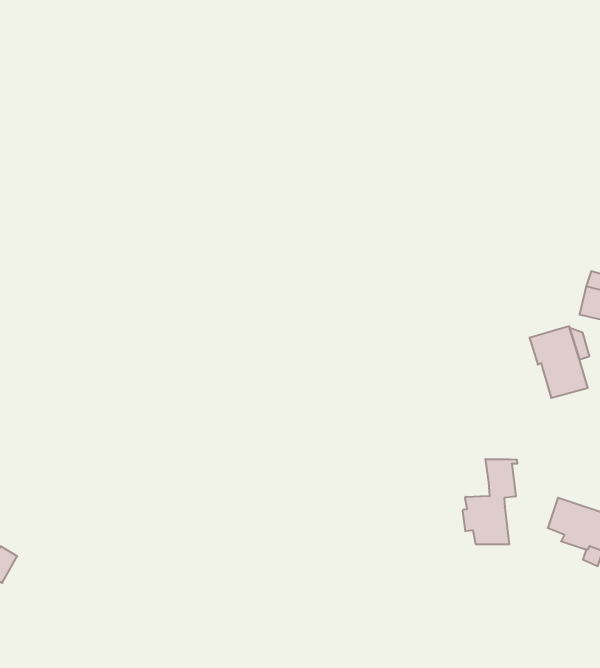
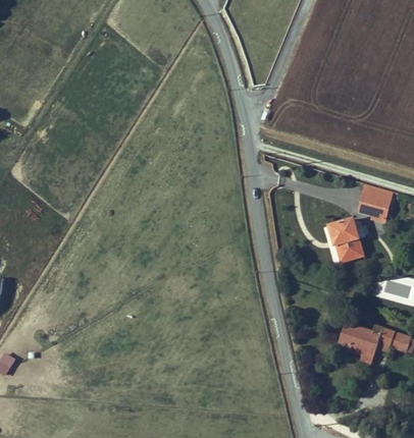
building: [463,459,517,544] -> none

